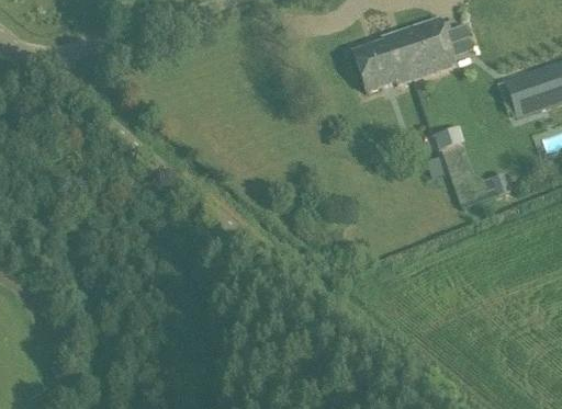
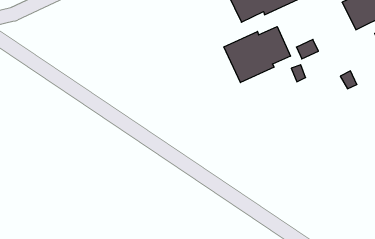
building: none -> [224,27,290,83]

